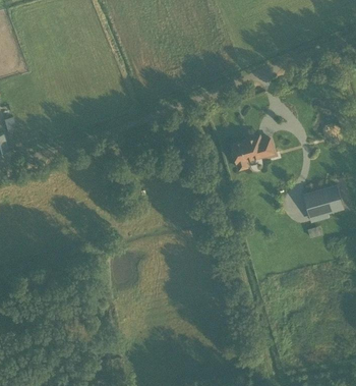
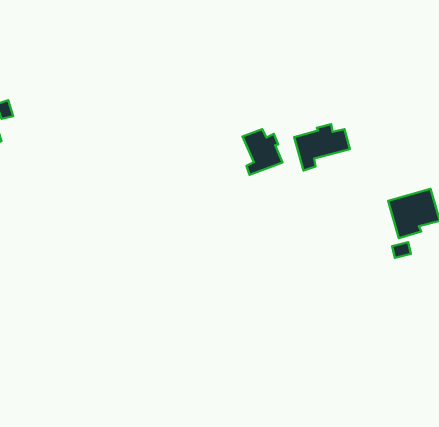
building: none -> [243,129,282,175]

